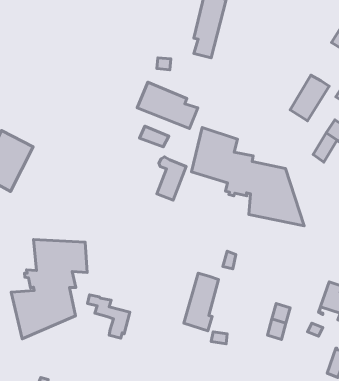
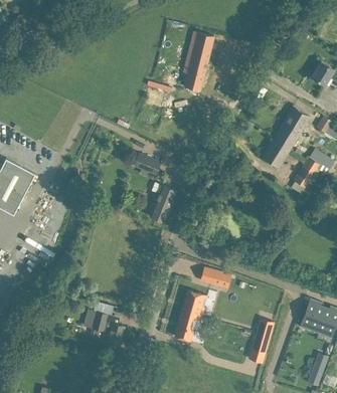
building: [137,82,198,128] -> none
building: none -> [262,140,289,168]
building: [192,128,304,226] -> none
building: [11,240,87,339] -> none

